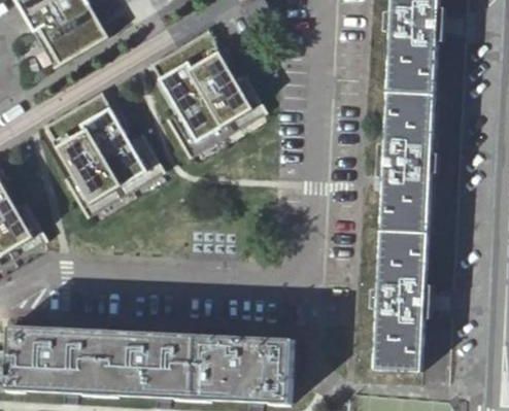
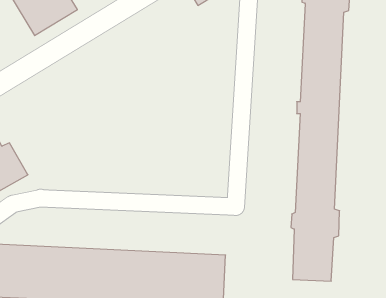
building: [149,30,267,158] -> none
building: [43,92,165,217] -> none

